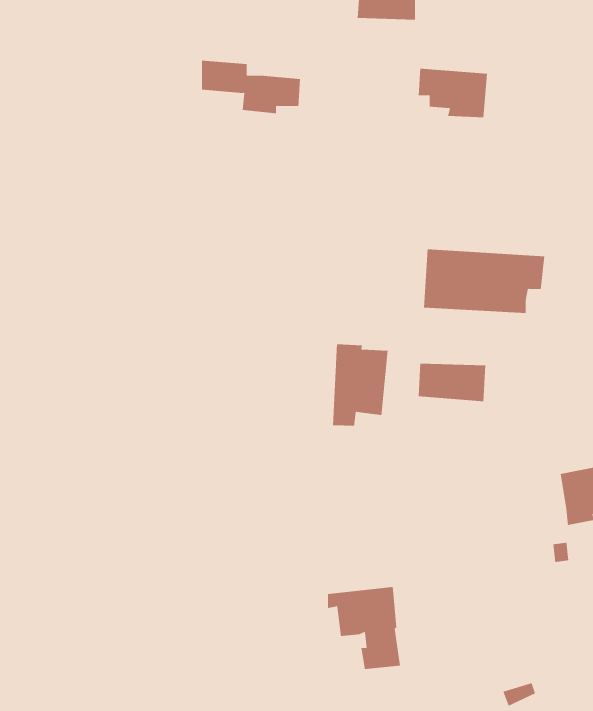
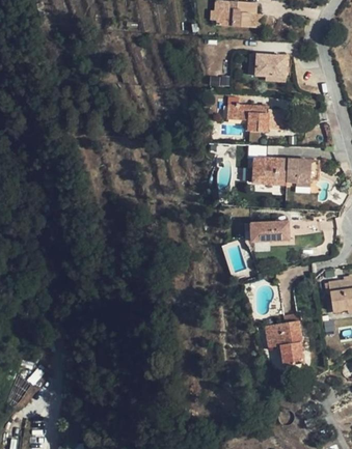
building: [201,60,301,114] -> [223,103,279,133]
building: [332,344,388,427] -> none
building: [327,587,401,670] -> [264,320,305,367]

